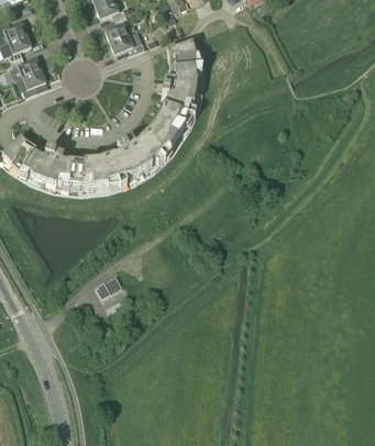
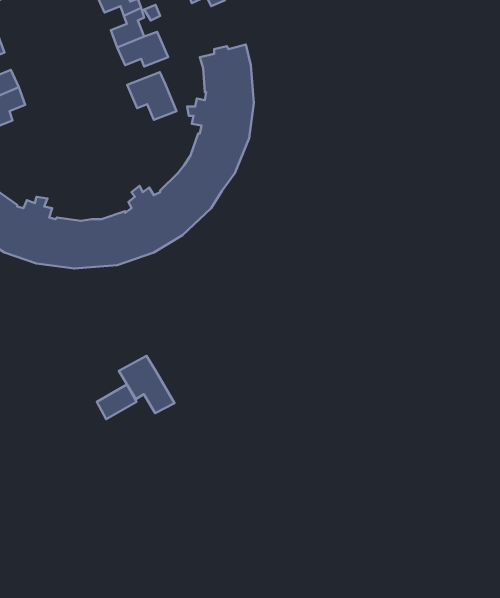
building: none -> [127,72,176,120]
building: none -> [119,356,174,413]

